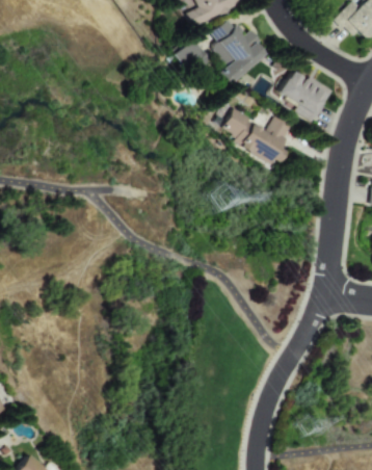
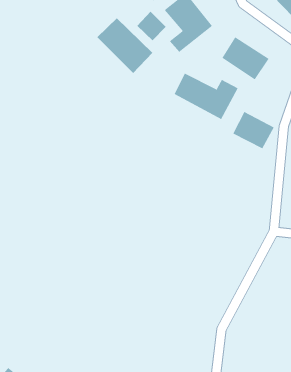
building: none -> [97,17,153,74]
building: none -> [233,111,274,149]

